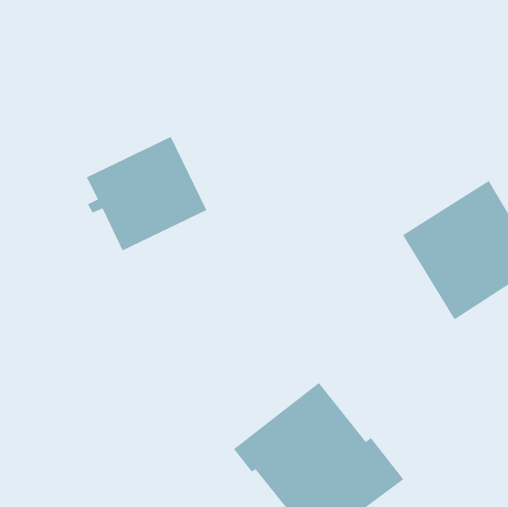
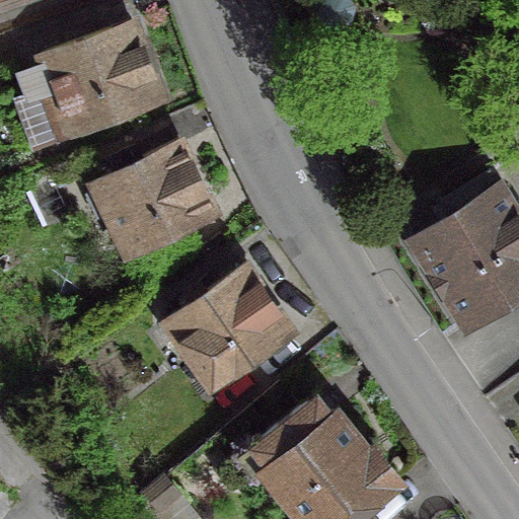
building: none -> [17,22,159,148]
building: none -> [163,266,290,390]

